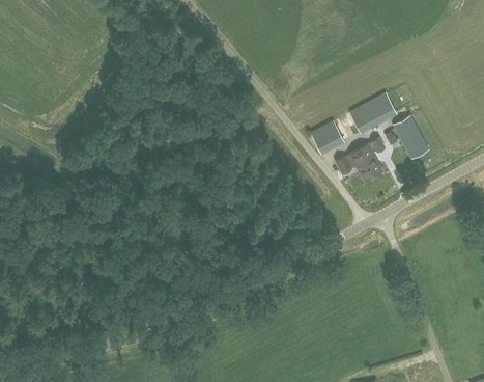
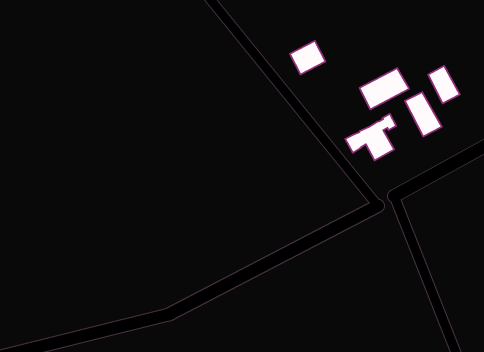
building: none -> [428,66,460,104]
building: [310,121,344,154] -> [290,41,326,74]

